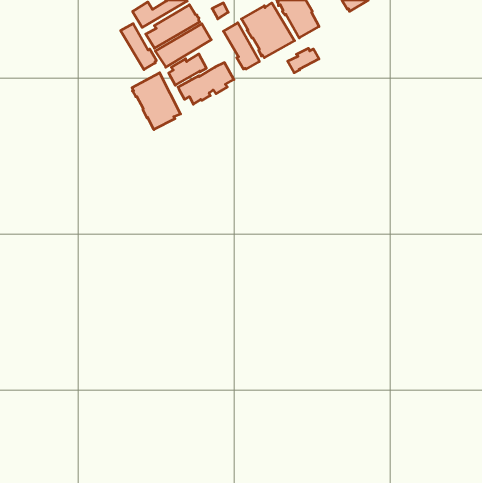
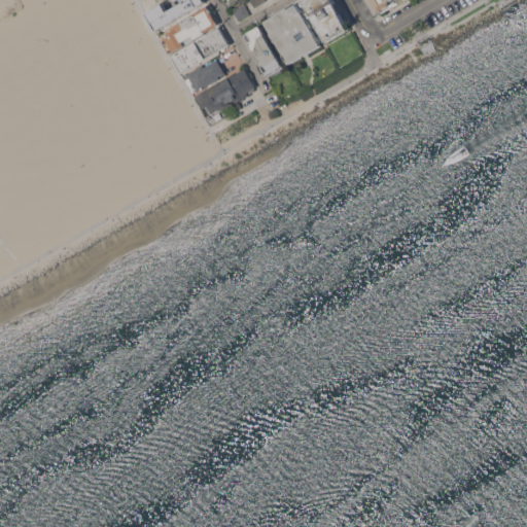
building: [121,24,156,70] -> none
building: [288,48,319,73] -> none
building: [132,73,181,130] -> none

